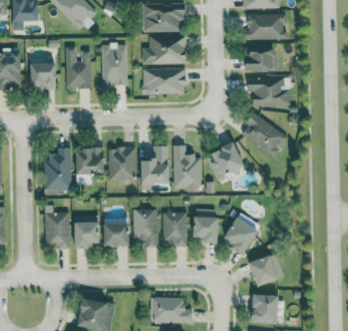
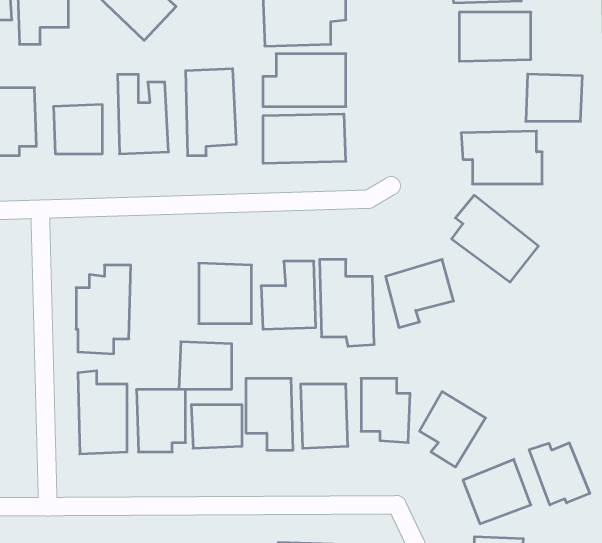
building: [245,45,275,70] -> [526,74,582,121]
building: [76,149,104,175] -> [179,342,232,389]
building: none -> [529,443,590,505]

